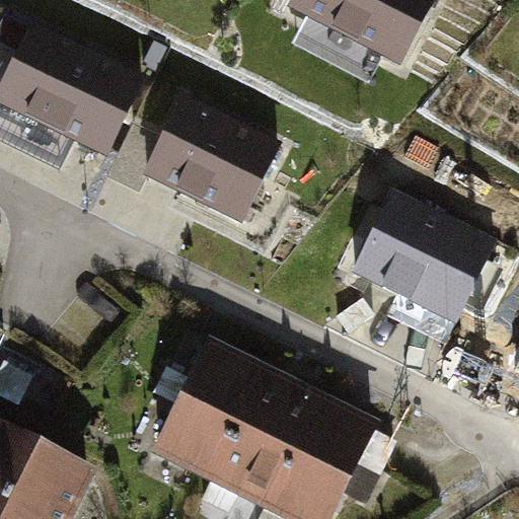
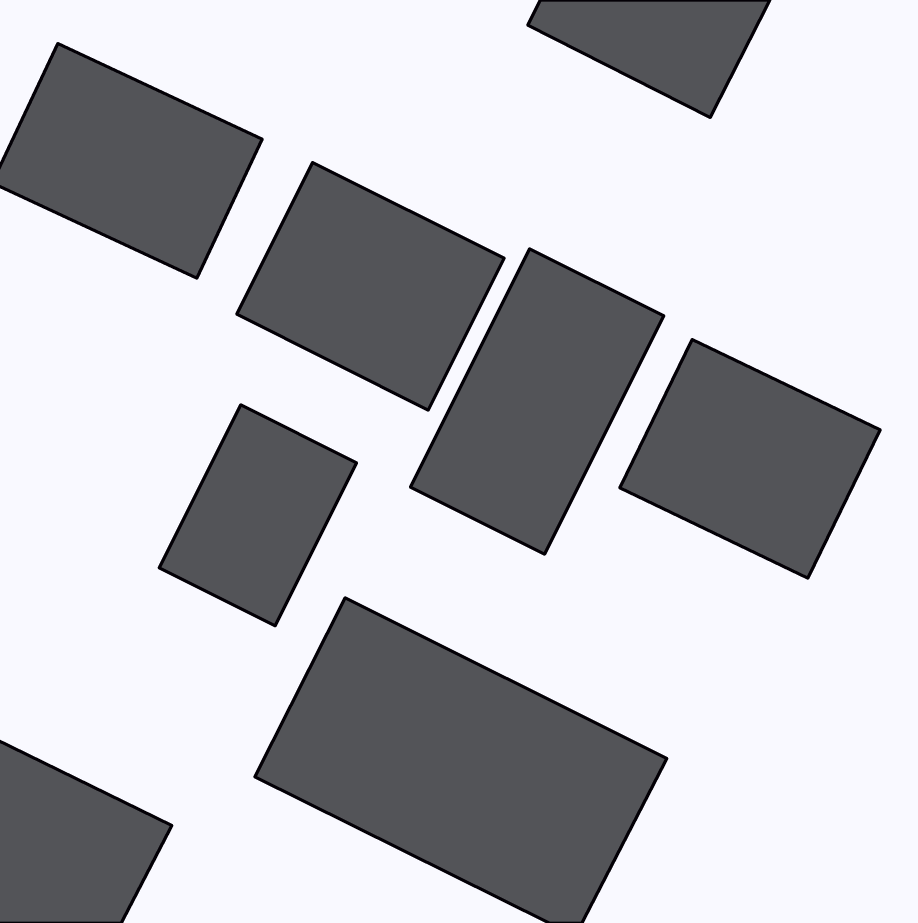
building: none -> [410,249,664,554]
building: none -> [159,405,357,626]

